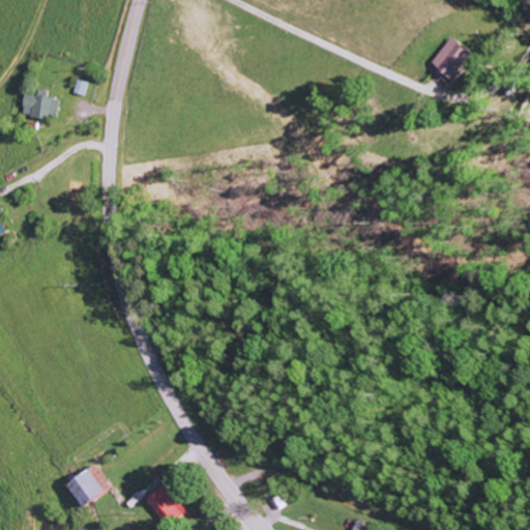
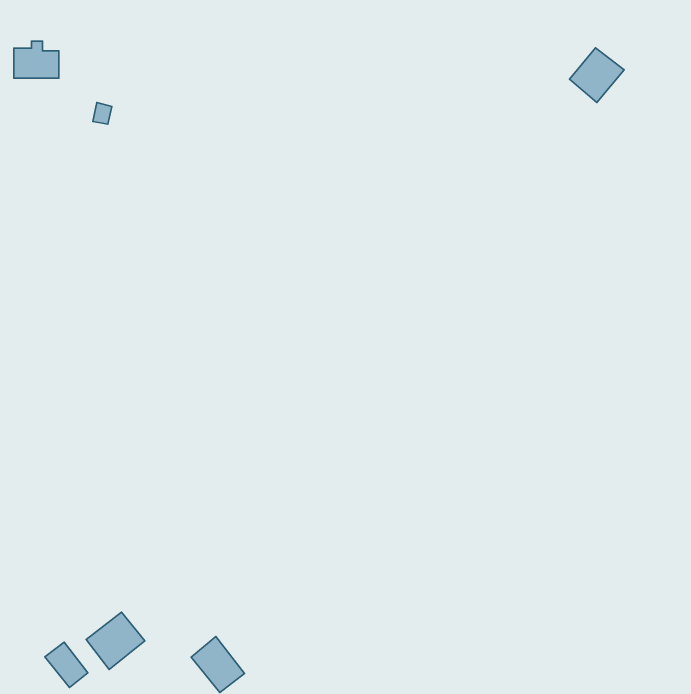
building: [21,89,55,117] -> [14,41,59,78]
building: none -> [45,642,88,687]

